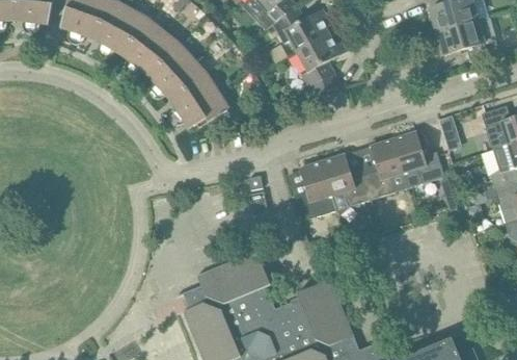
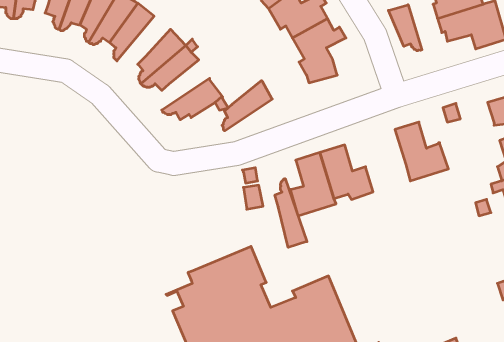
building: none -> [388,5,422,51]
building: [129,30,180,76] -> none
building: [169,72,217,120] -> [222,81,272,131]
building: [365,138,404,198] -> none
building: none -> [275,179,307,247]

